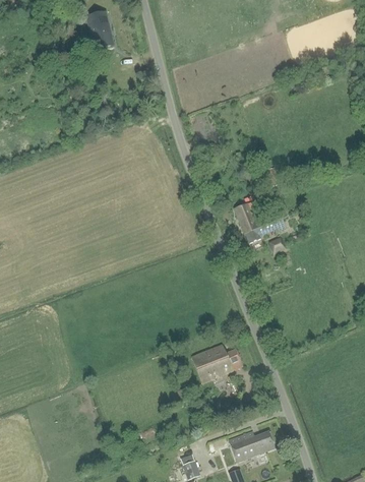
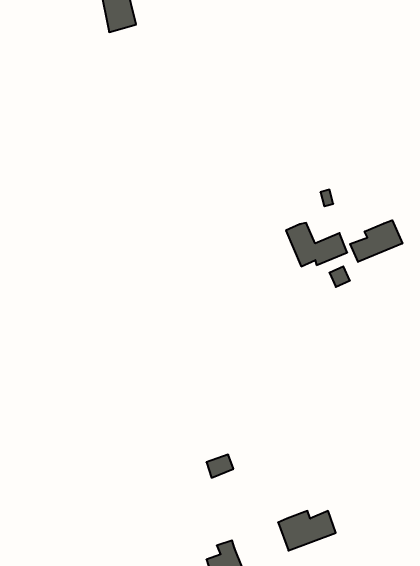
building: none -> [350,220,402,262]
building: [190,345,242,383] -> none

